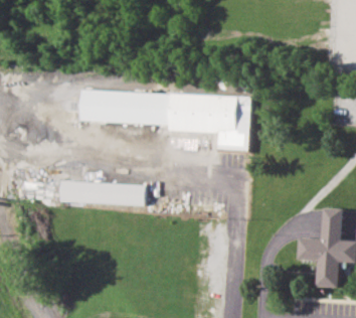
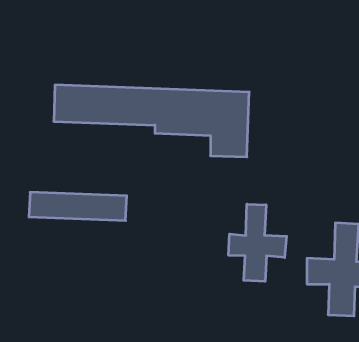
building: none -> [229,204,287,281]

